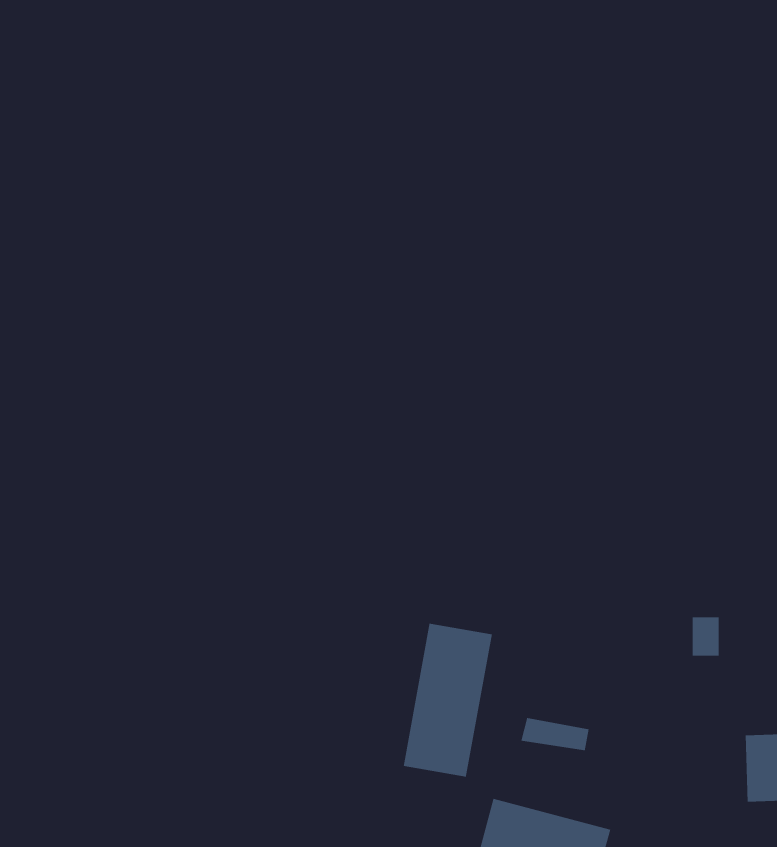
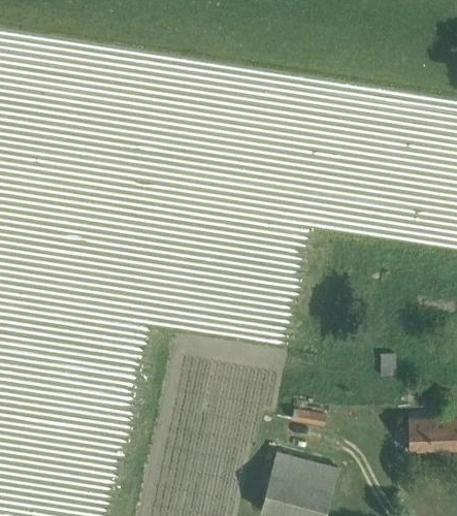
building: [403,623,492,777] -> none

